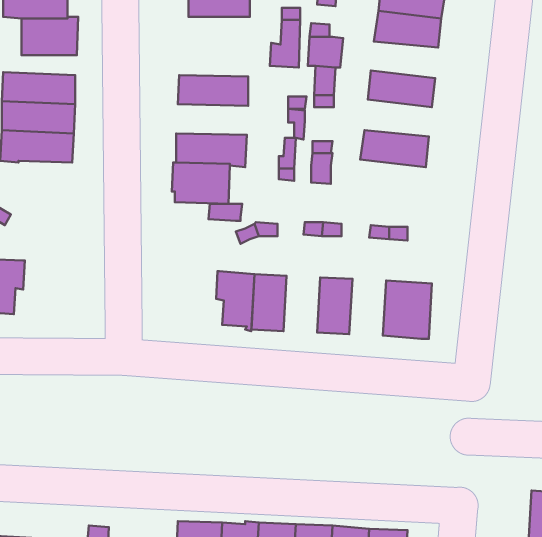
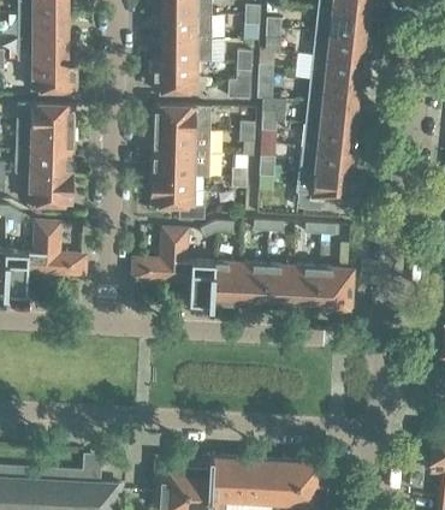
building: none -> [153,60,196,90]
building: none -> [305,79,358,108]
building: none -> [301,125,354,154]
building: none -> [153,129,209,153]
building: none -> [295,172,349,212]
building: none -> [29,173,73,206]
building: none -> [32,221,81,277]
building: none -> [137,227,188,281]
building: none -> [237,263,266,308]
building: none -> [289,266,318,310]

